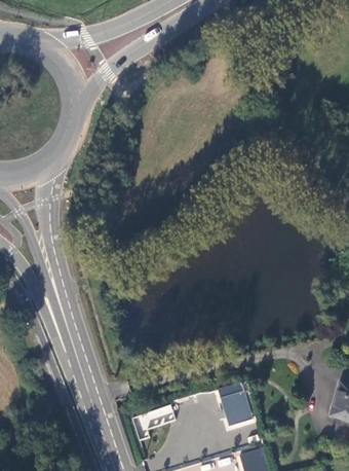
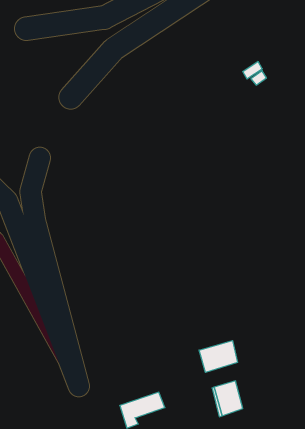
building: none -> [199,341,237,372]

